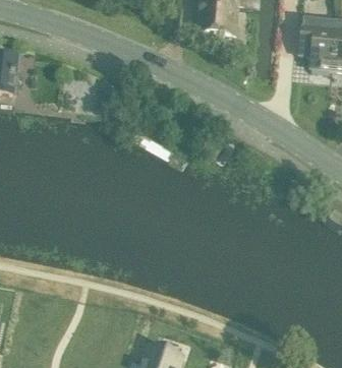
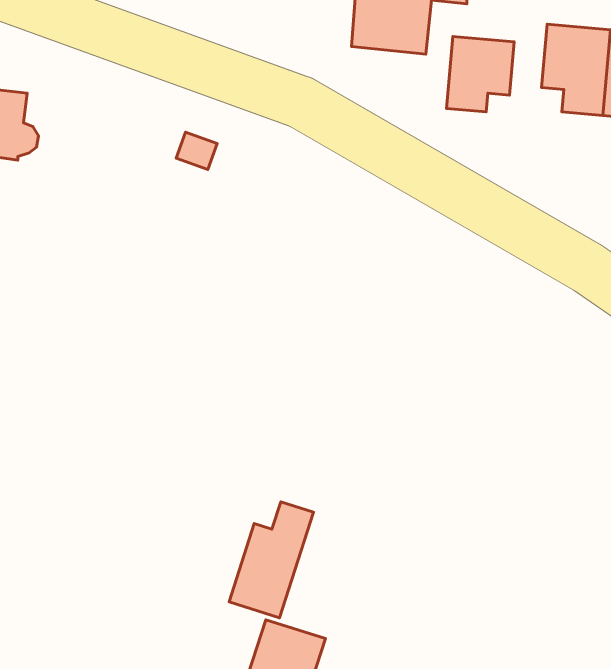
building: none -> [446,36,514,112]
building: none -> [229,502,314,618]

